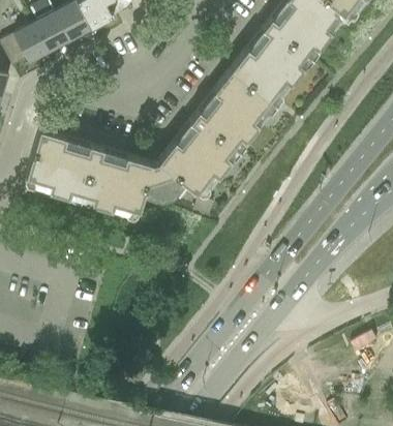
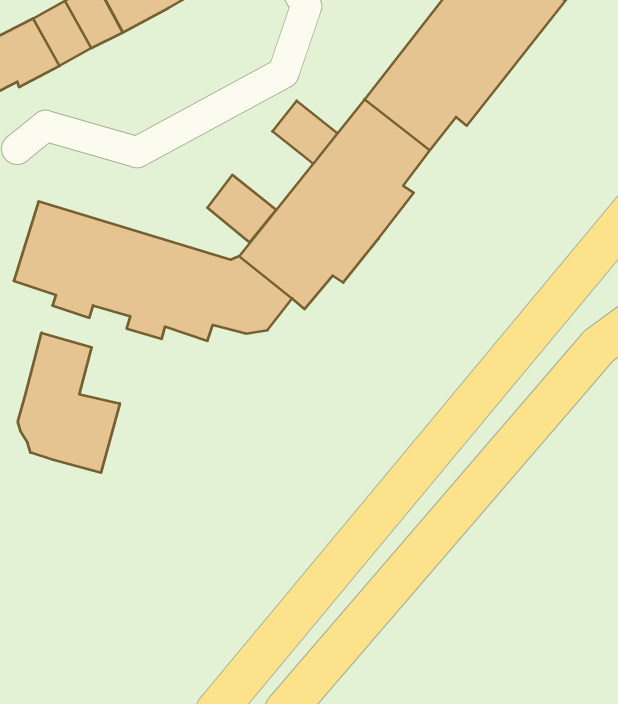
building: none -> [272,101,337,164]
building: none -> [207,175,276,242]
building: none -> [18,333,120,473]

